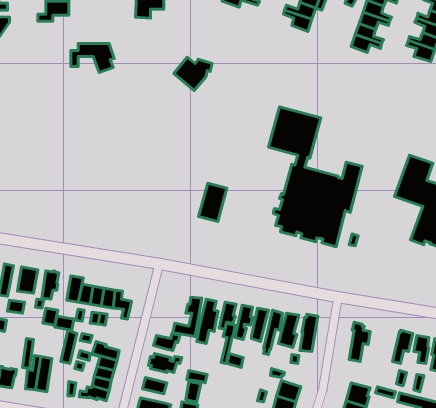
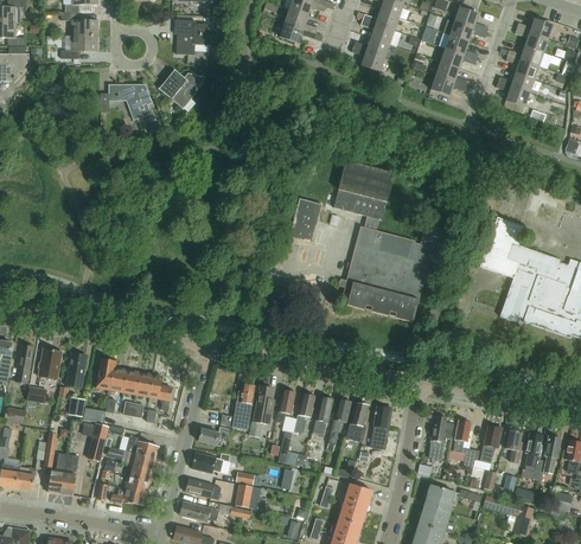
building: [174,57,212,91] -> [159,69,204,108]
building: [199,183,227,221] -> [288,198,321,243]
building: none -> [451,420,477,467]

